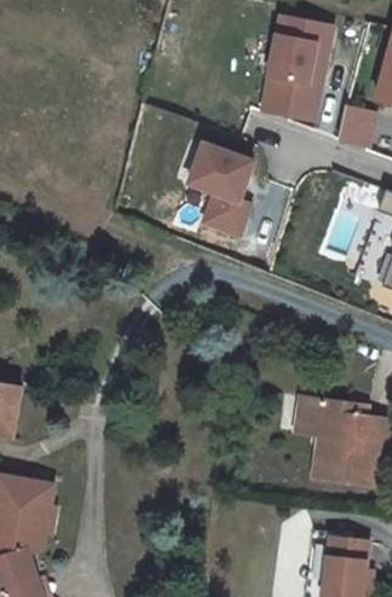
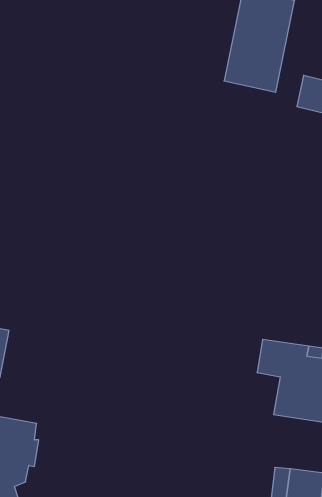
building: [186,139,264,237] -> none

